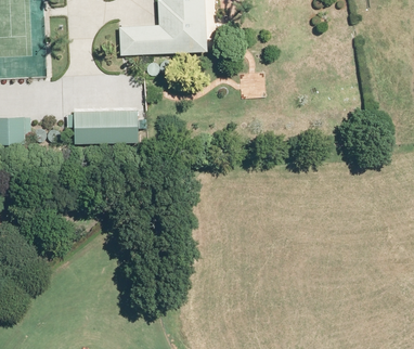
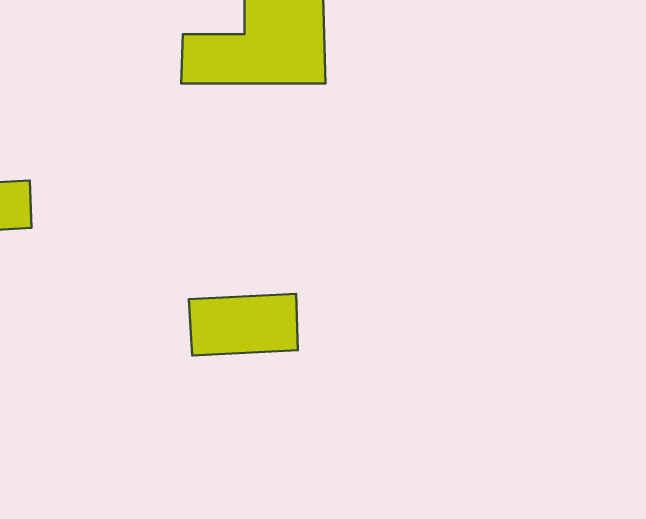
building: [73,108,140,146] -> [189,294,298,355]

